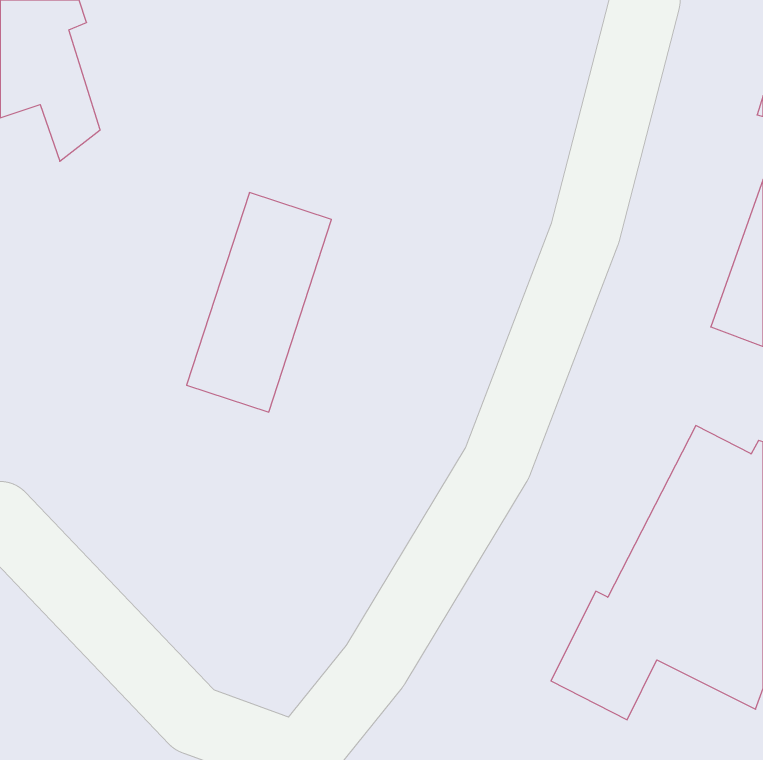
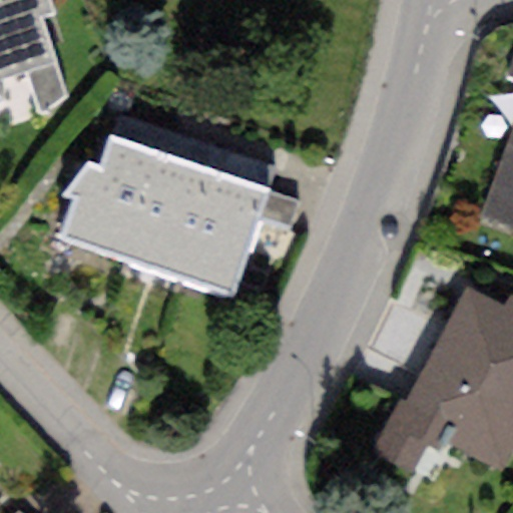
building: none -> [60,116,167,261]
building: none -> [180,149,277,297]

